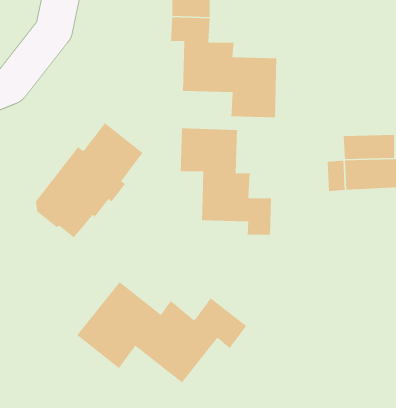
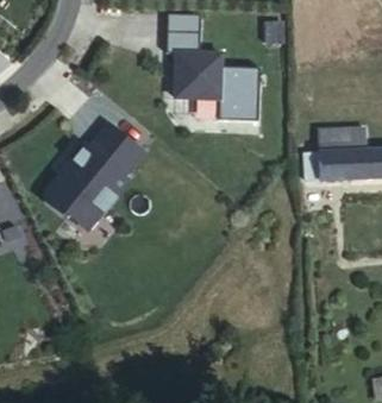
building: [180,127,272,236] -> none
building: [76,281,247,384] -> none

